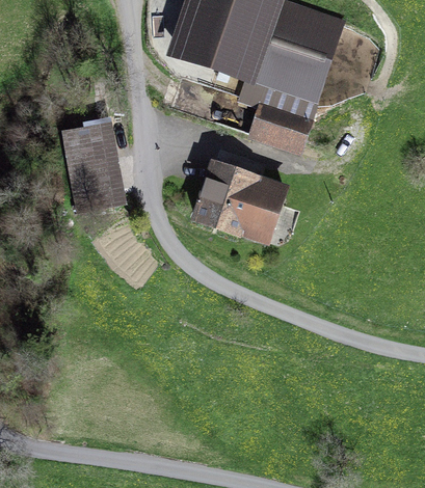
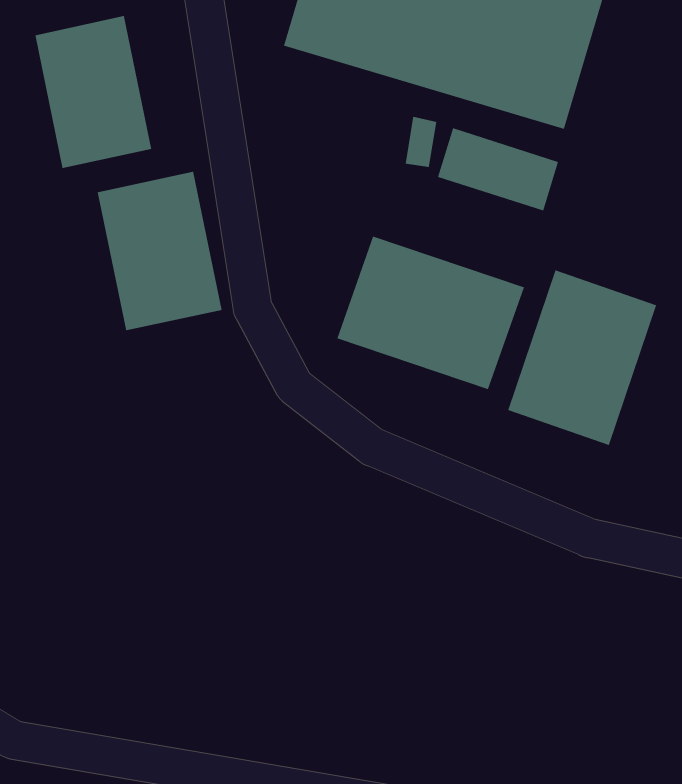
building: none -> [35,15,152,169]
building: none -> [508,269,657,446]

